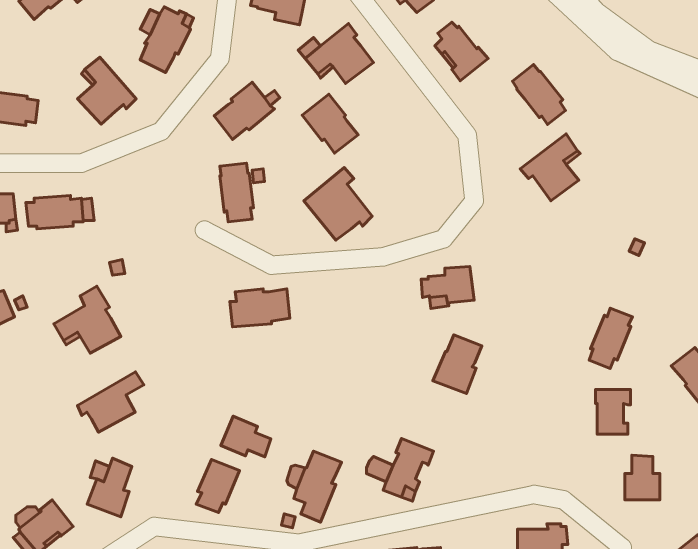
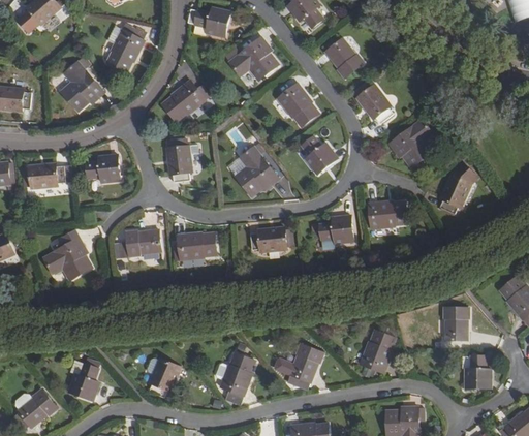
building: [513,64,566,125] -> [353,80,393,124]
building: [302,94,358,153] -> [277,84,318,127]
building: none -> [299,133,337,175]
building: none -> [80,154,120,182]
building: none -> [365,201,407,229]
building: none -> [250,227,291,252]
building: none -> [119,229,160,257]
building: [589,308,632,368] -> [439,169,471,214]
building: [433,335,482,393] -> [360,330,396,373]
building: [77,372,144,432] -> none
building: [221,416,271,457] -> none

